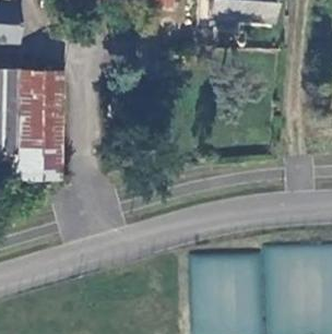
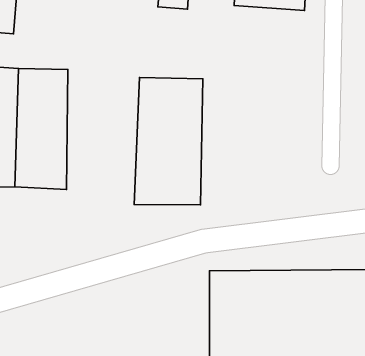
building: none -> [134,77,203,205]

